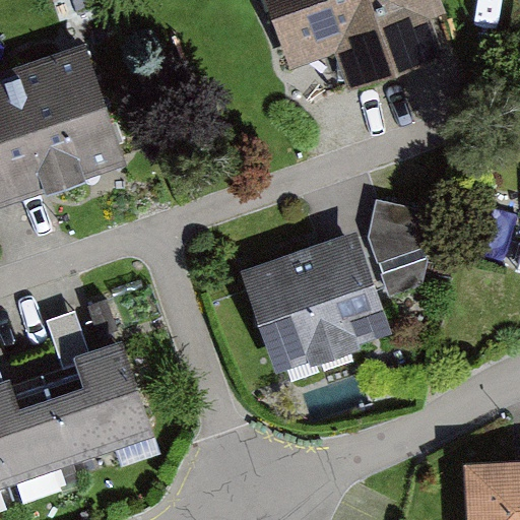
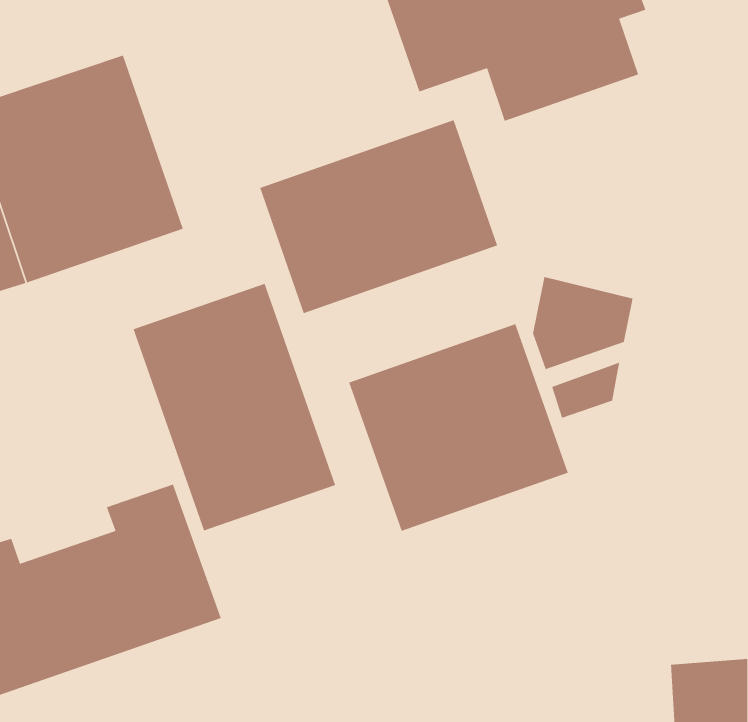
building: none -> [259,119,498,314]
building: none -> [132,283,336,532]

